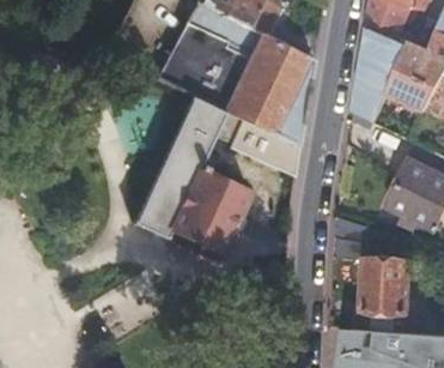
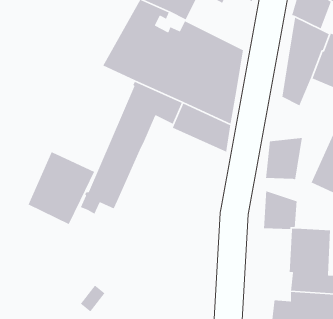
building: none -> [265,137,303,180]
building: [172,168,248,251] -> [27,151,95,225]

